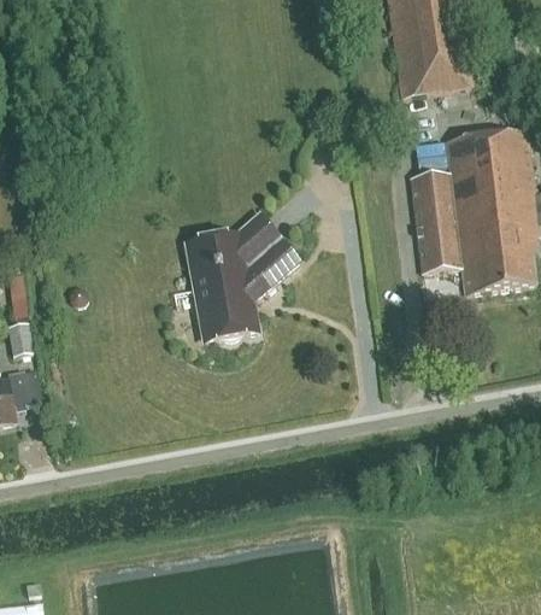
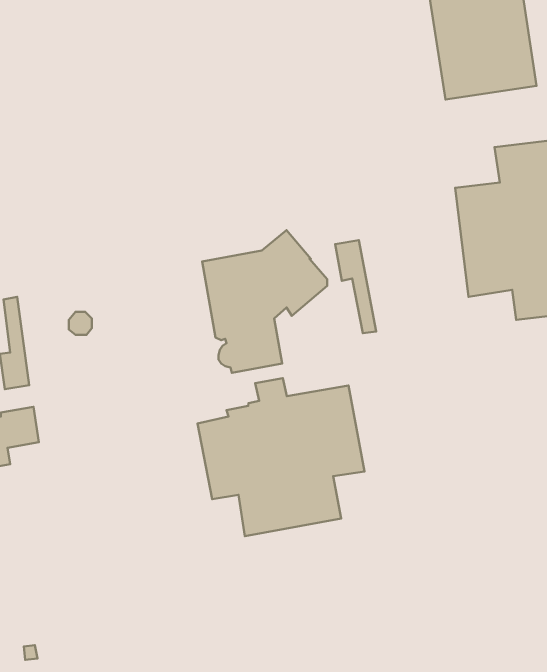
building: none -> [335,240,376,333]
building: none -> [198,378,365,536]

